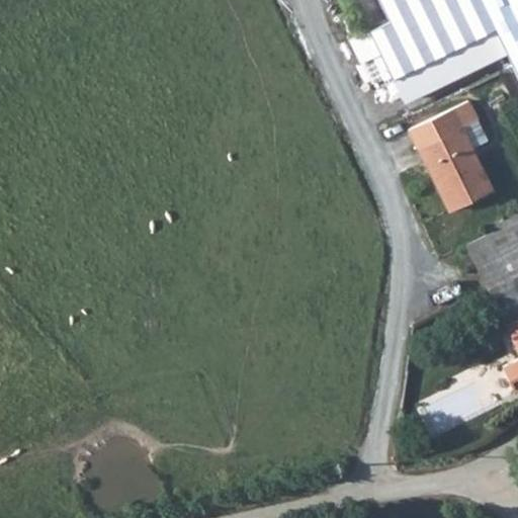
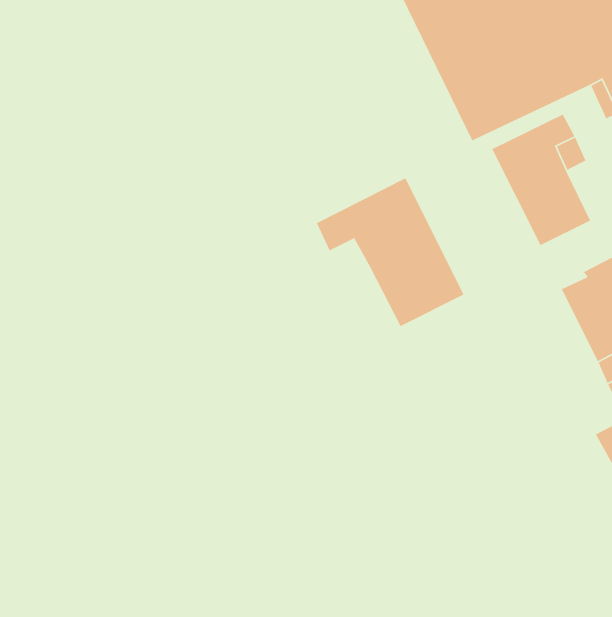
building: none -> [316,177,465,327]

